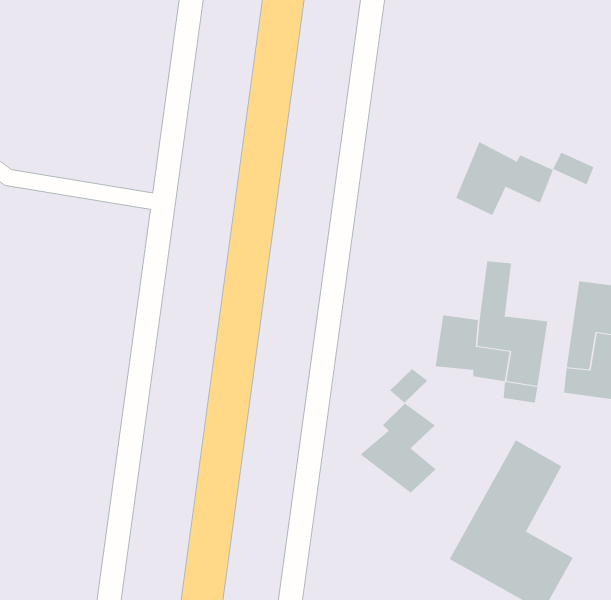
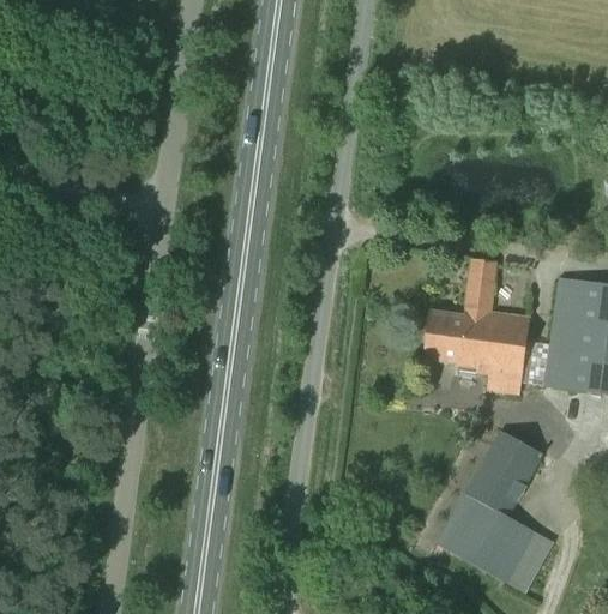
building: [456,141,594,216] -> none
building: [359,368,437,493] -> none

